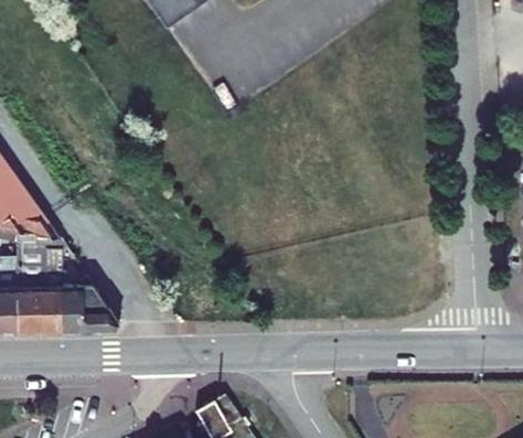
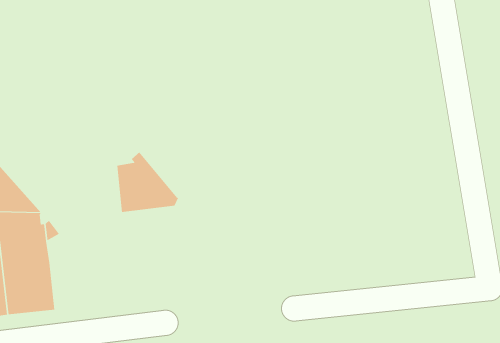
building: [63,276,119,332] -> [116,151,179,213]

